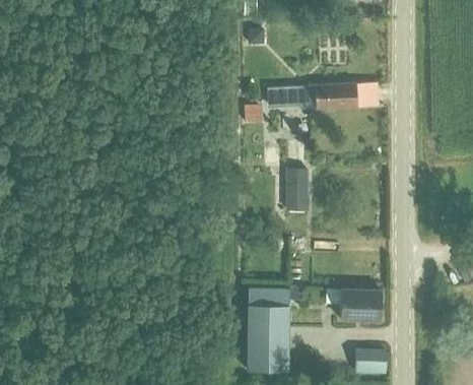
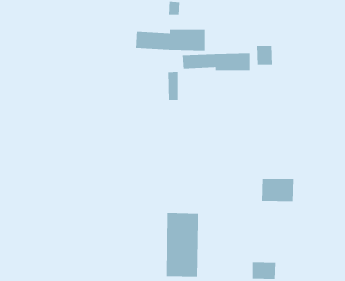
building: none -> [135,29,206,51]
building: [287,170,309,212] -> none
building: [338,290,380,320] -> [261,178,294,202]

